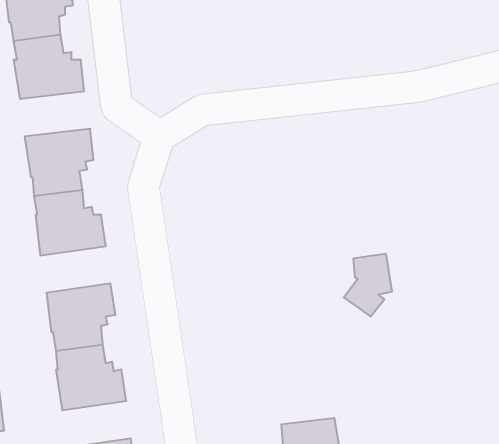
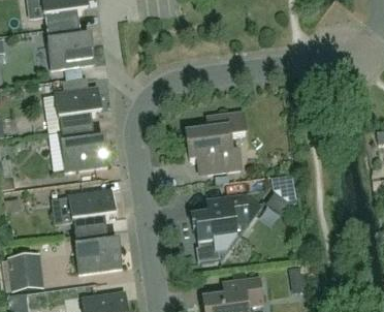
building: none -> [187,112,246,171]
building: none -> [192,194,260,260]

